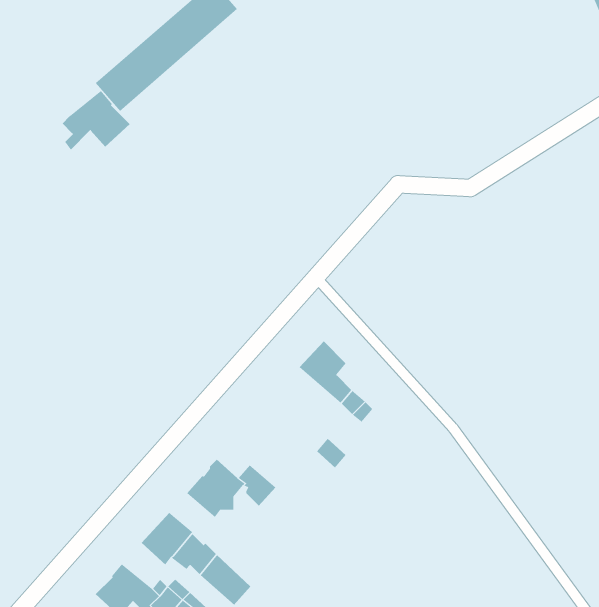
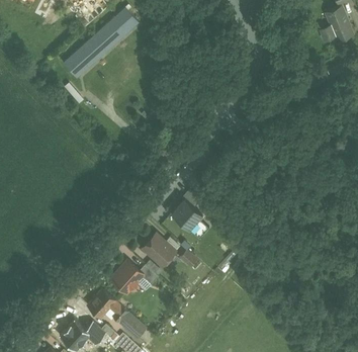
building: [62,90,130,150] -> none
building: none -> [142,234,175,266]

